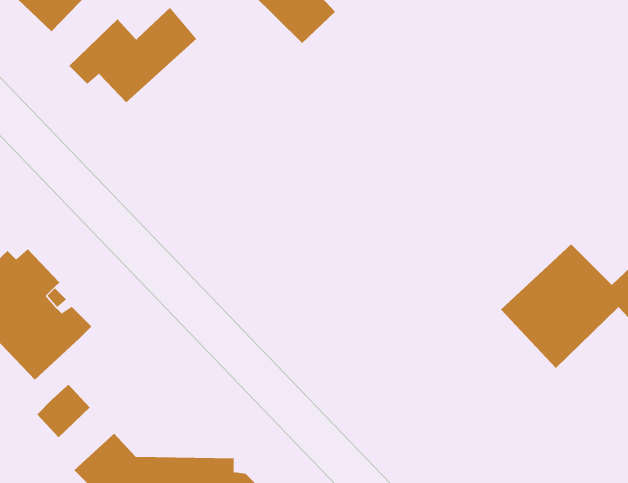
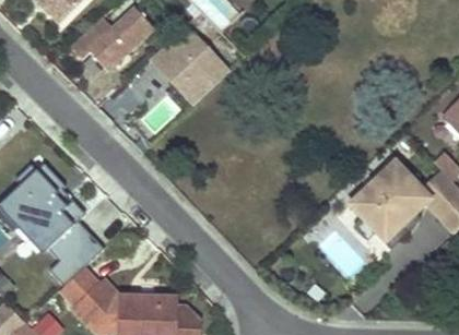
building: none -> [150,25,228,104]
building: none -> [48,222,104,266]

